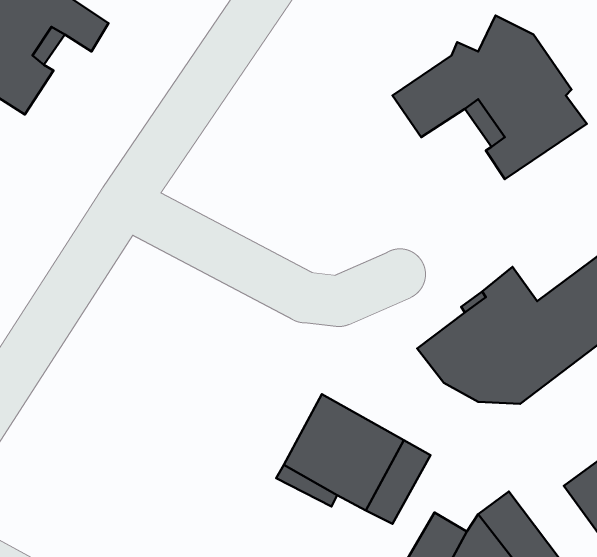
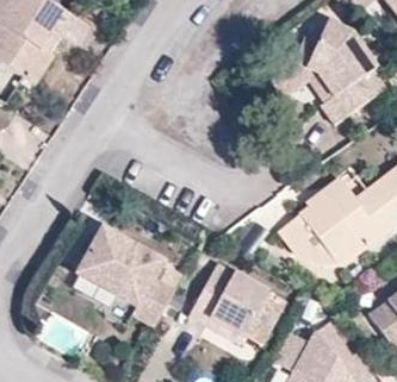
building: none -> [72,224,175,321]

